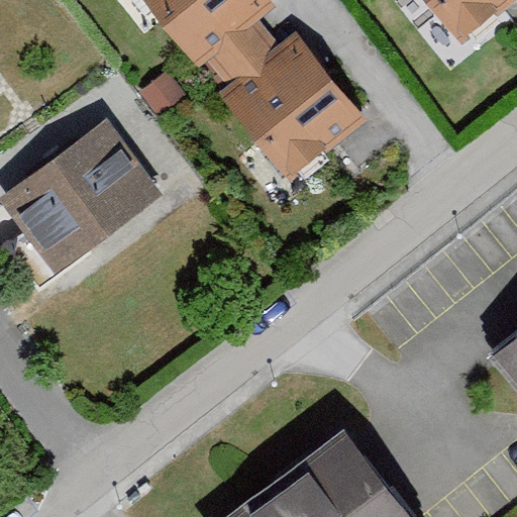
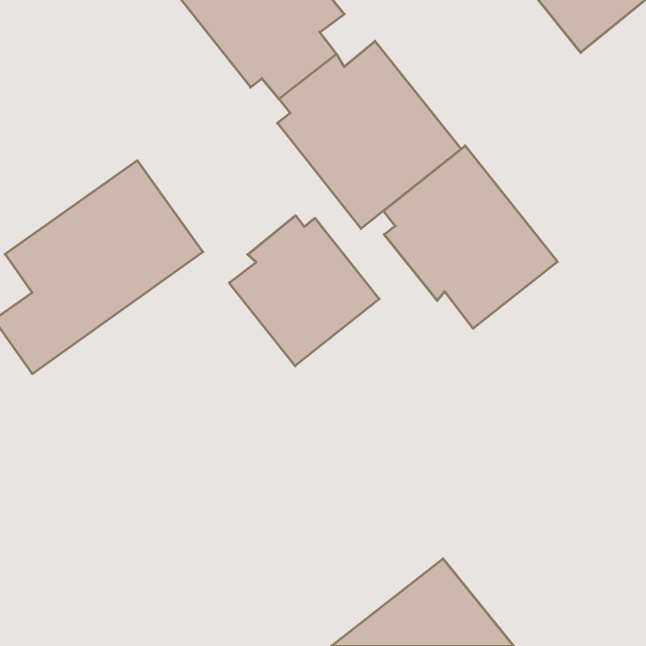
building: none -> [383,146,557,328]
building: none -> [229,216,379,366]

